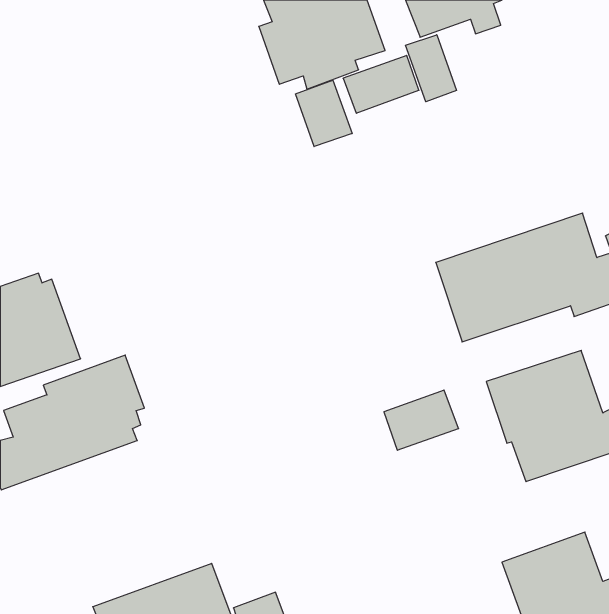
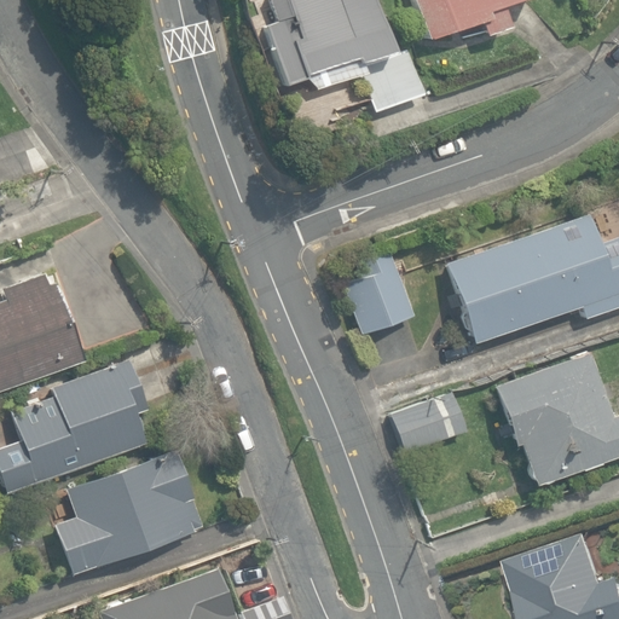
building: [406,35,456,102] -> none
building: [296,80,352,147] -> none
building: none -> [345,253,415,336]
building: none -> [52,450,204,575]

